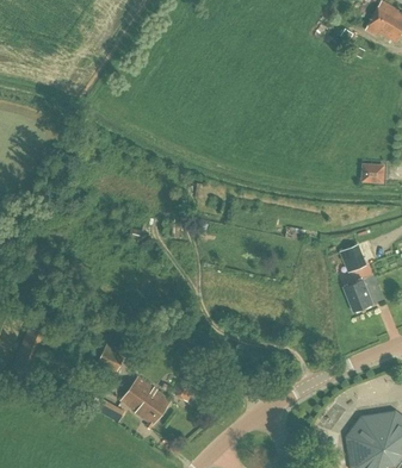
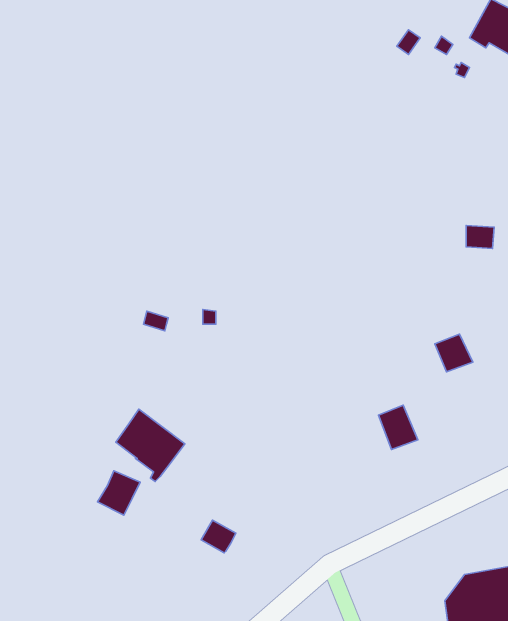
building: [344,279,372,311] -> [378,405,418,450]
building: [120,375,171,428] -> [116,409,185,482]

